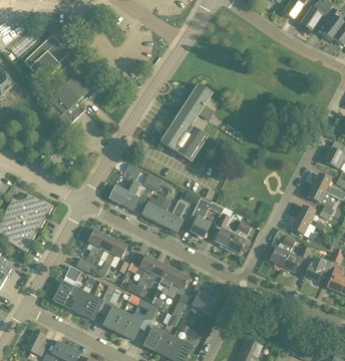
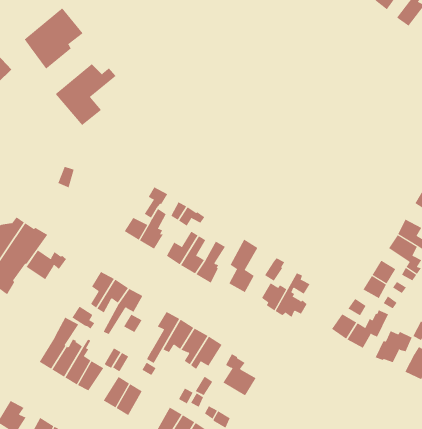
building: [160,84,216,160] -> none
building: none -> [26,249,67,280]
building: [123,311,153,340] -> none

